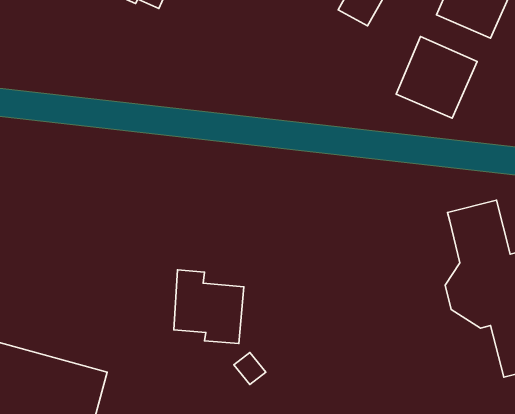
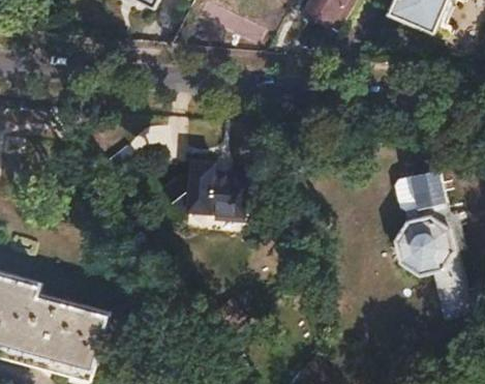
building: [396,37,477,118] -> none
building: [174,270,244,343] -> [188,159,247,221]

